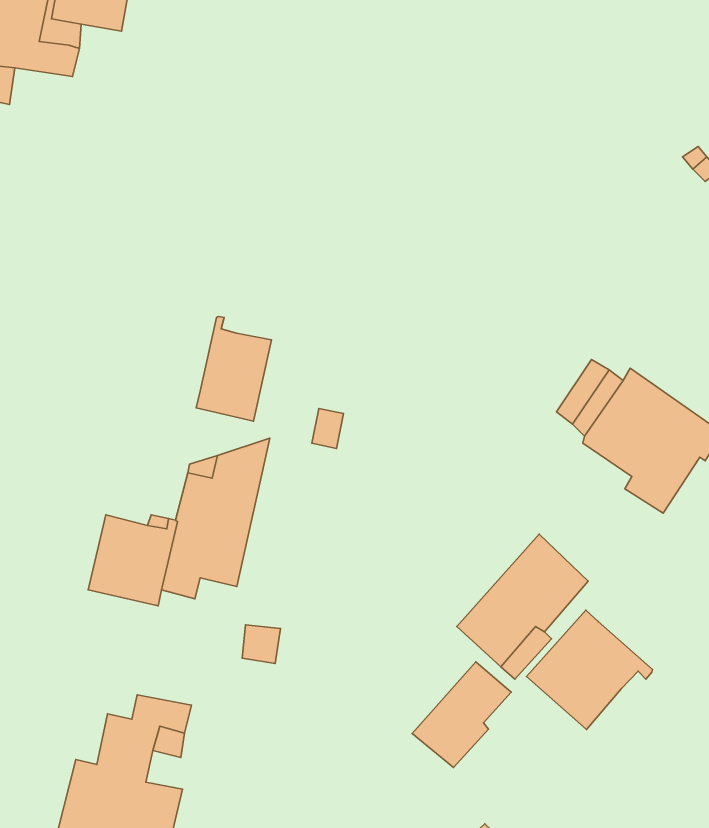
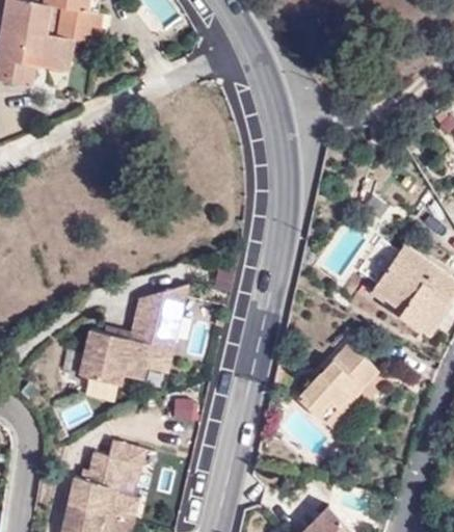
building: [196,316,271,421] -> none
building: [526,610,653,729] -> none
building: [412,662,511,767] -> none

